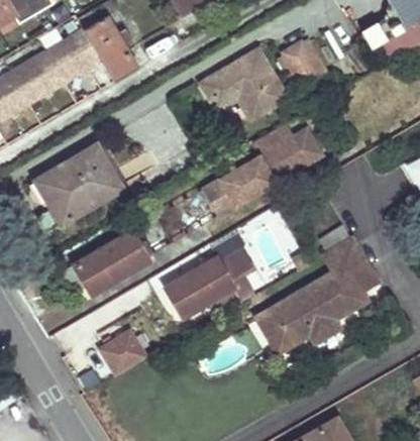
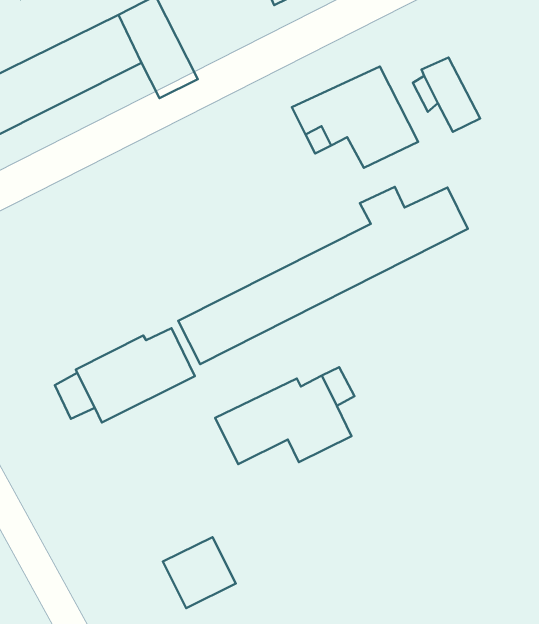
building: [34,143,125,224] -> none
building: [257,238,369,351] -> none
building: [99,328,147,375] -> [163,537,236,608]

